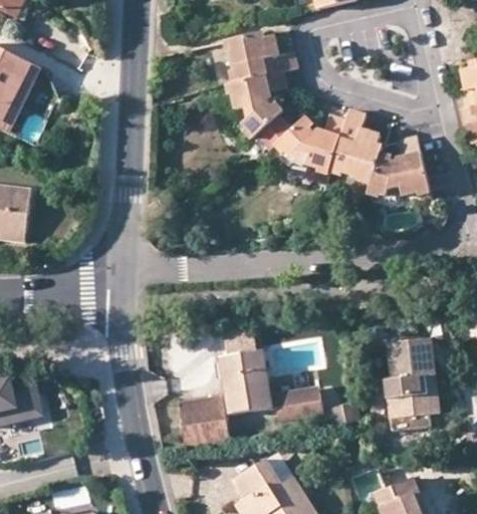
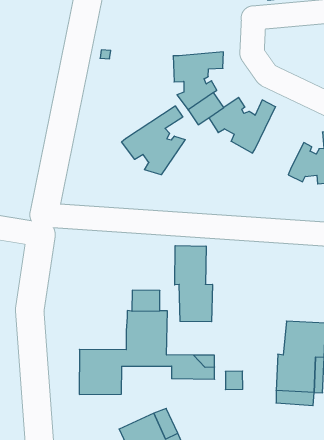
building: [227,32,294,81] -> none
building: [329,108,382,181] -> none
building: none -> [122,106,185,175]
building: none -> [175,246,212,322]

